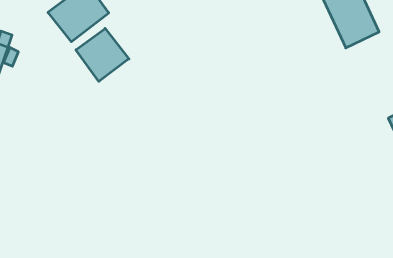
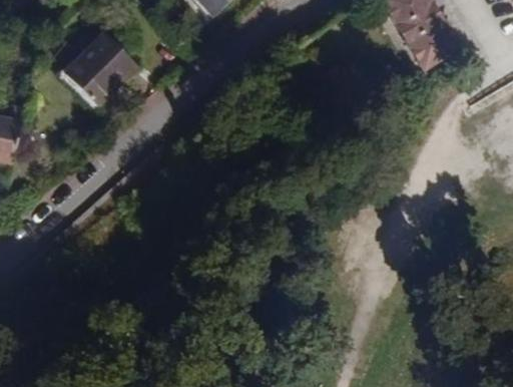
building: [76,28,129,81] -> none

